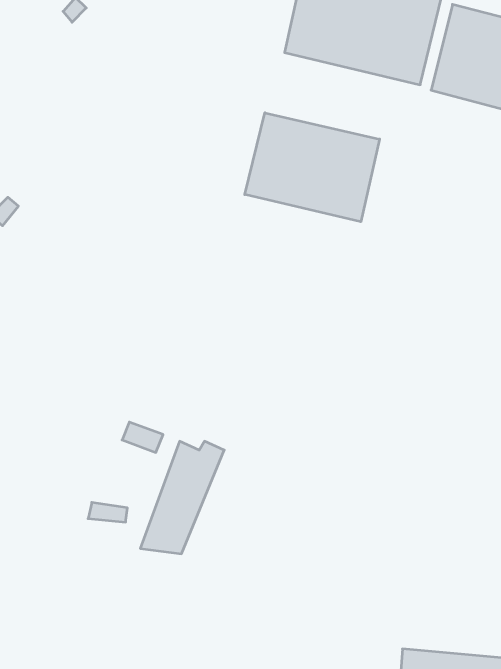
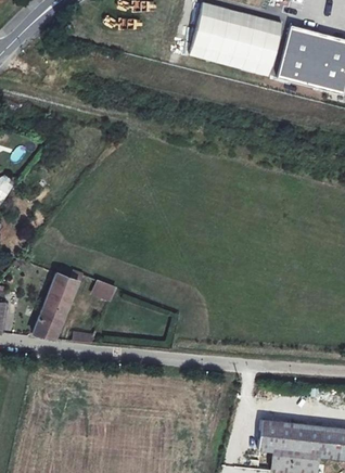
building: [245,113,380,222] -> none
building: [140,441,224,554] -> [33,269,84,337]

